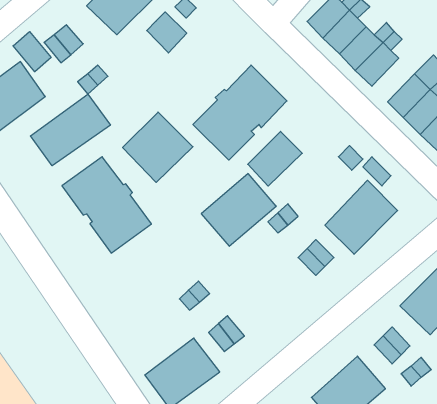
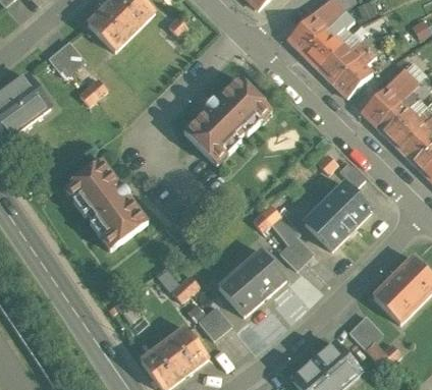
building: [147,12,187,53] -> none
building: [13,32,51,72] -> none
building: [30,94,110,166] -> none
building: [123,112,193,182] -> none
building: [248,131,302,186] -> none
building: [201,174,276,246] -> [218,249,286,316]

